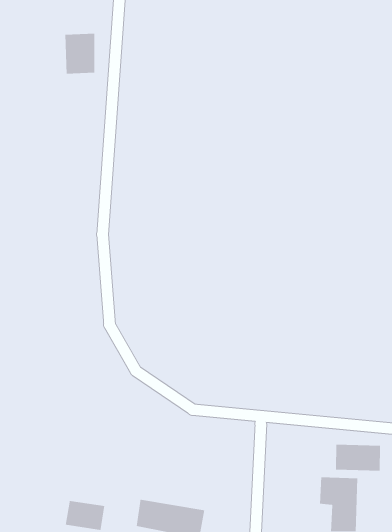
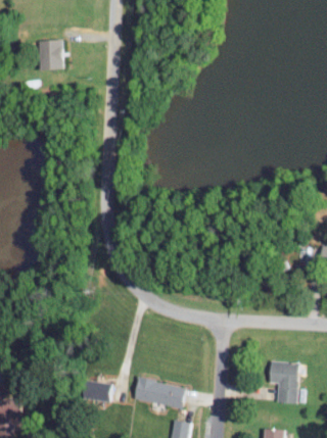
building: [65,33,95,75] -> [40,39,62,69]
building: [335,444,381,471] -> none

